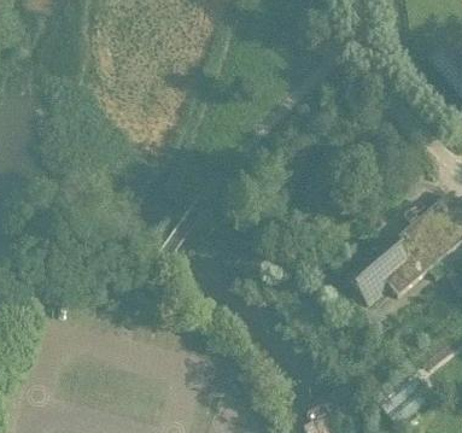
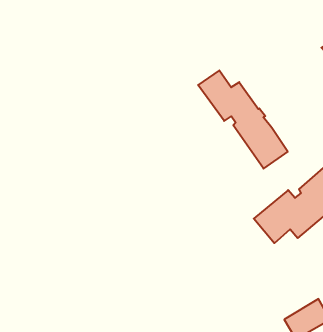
building: none -> [198,70,288,169]

